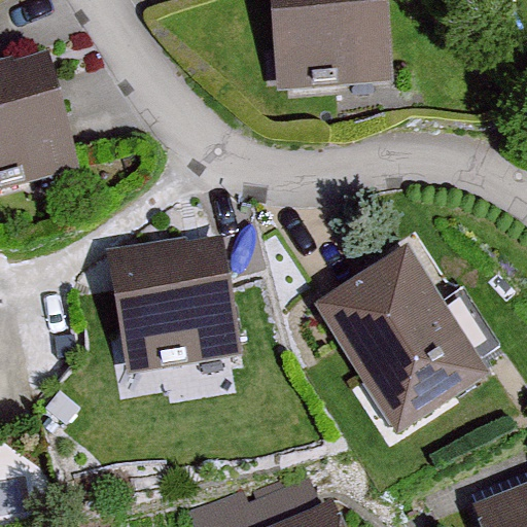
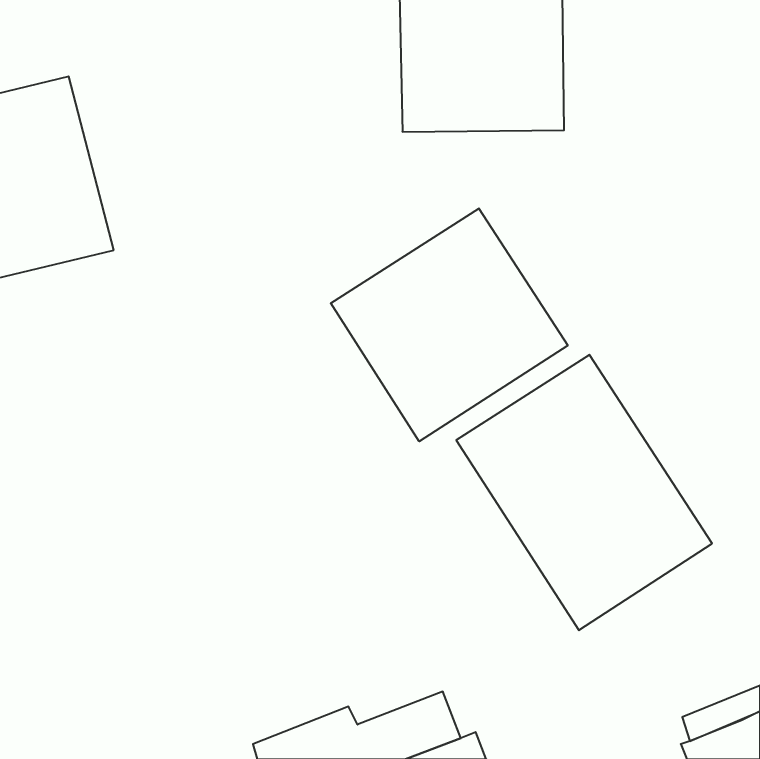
building: none -> [331,208,568,441]
building: [106,240,244,374] -> none

